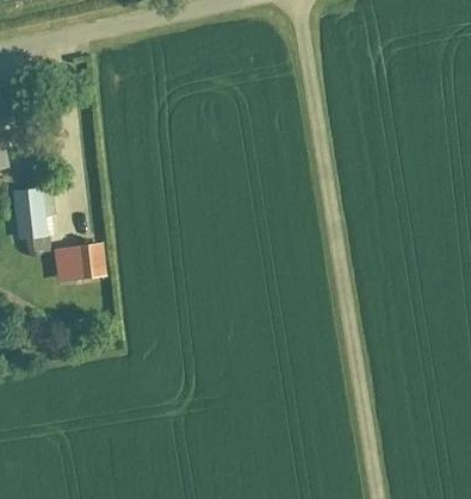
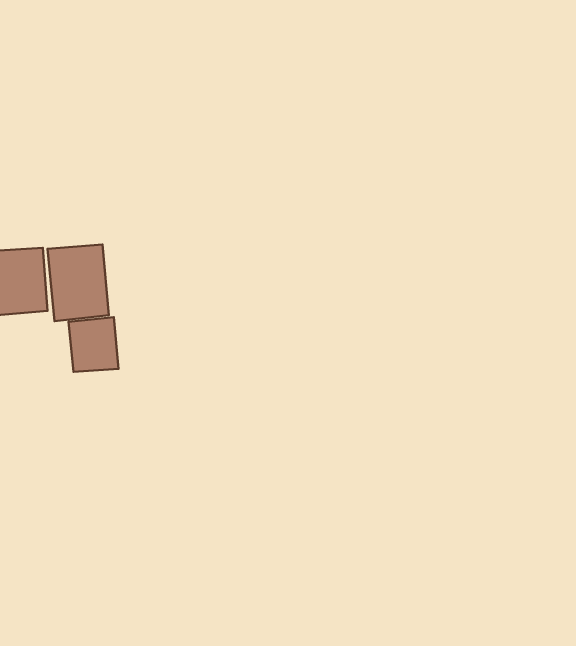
building: none -> [48,245,109,321]

